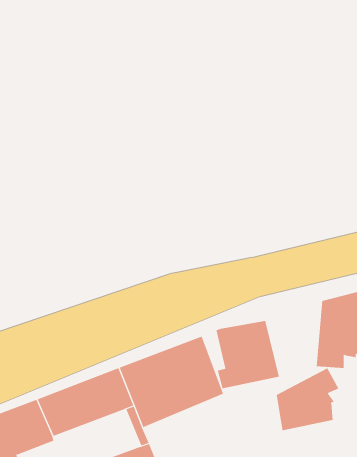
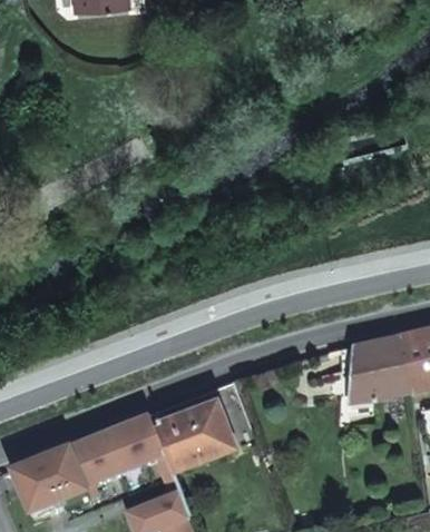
building: [216,320,280,389] -> none
building: [276,368,339,431] -> none

